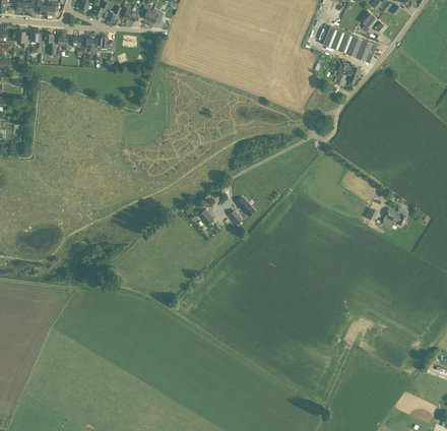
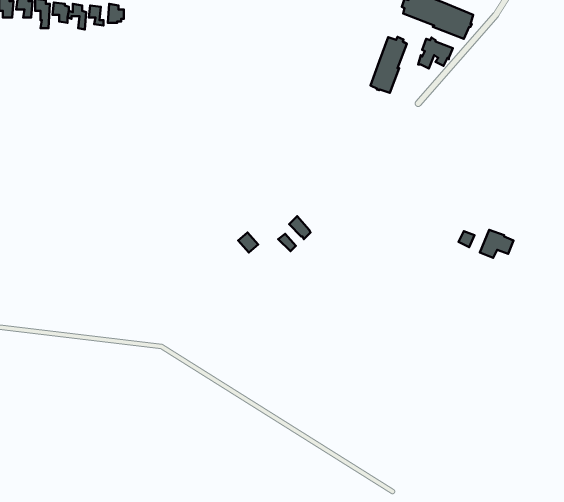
building: none -> [371,37,407,93]

